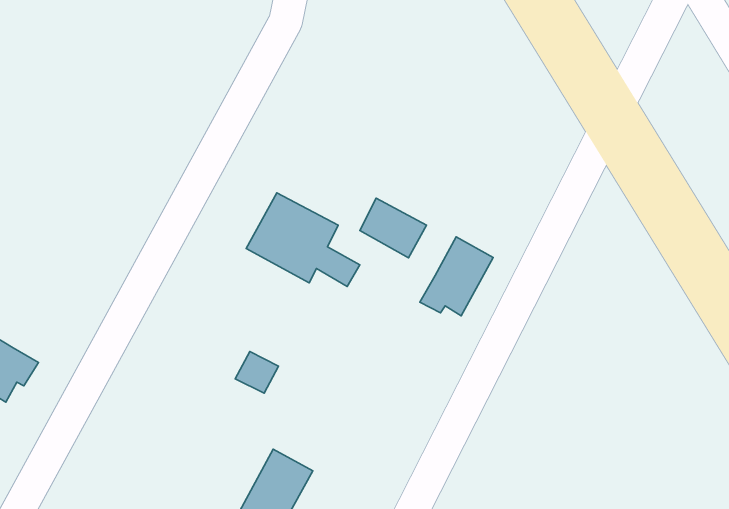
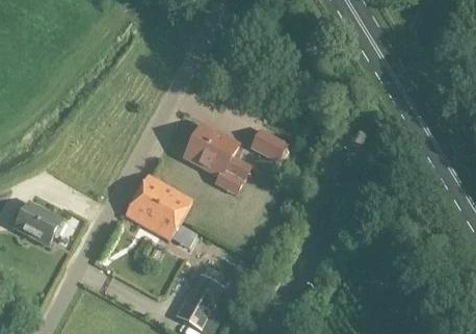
building: [420,237,493,316] -> none
building: none -> [125,175,190,239]

